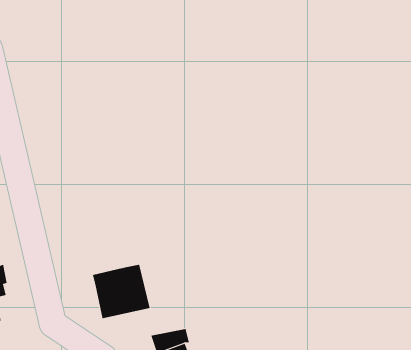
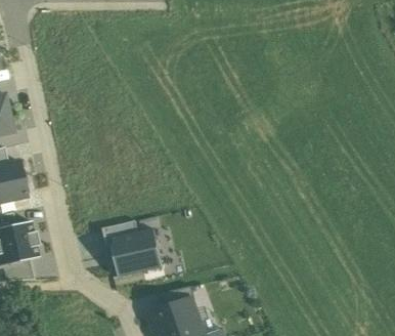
building: none -> [99,219,138,249]

